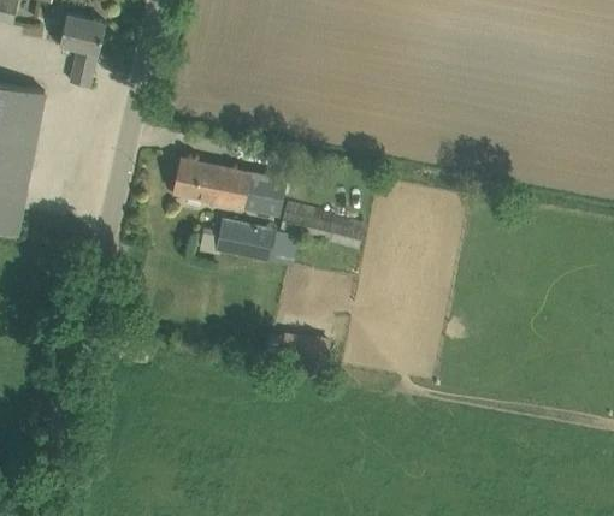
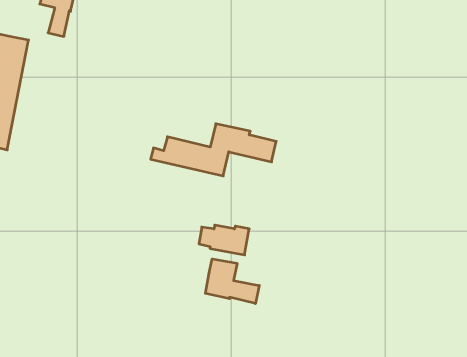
building: [173,158,285,215] -> none
building: none -> [205,259,259,304]

